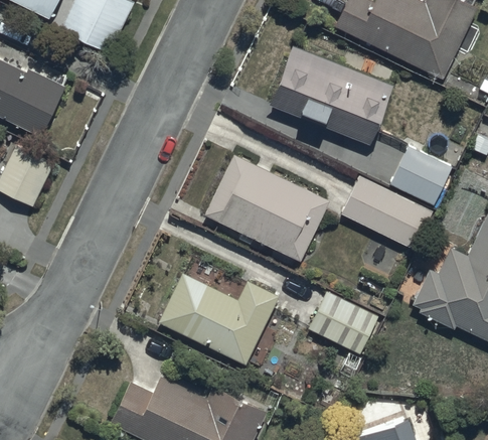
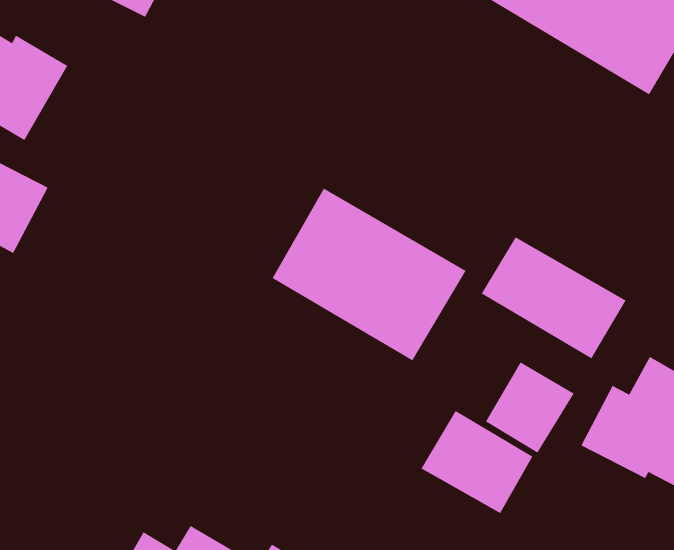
building: [270,46,394,146] -> none
building: [390,145,453,205] -> none
building: none -> [485,361,575,453]
building: [159,272,281,365] -> none

